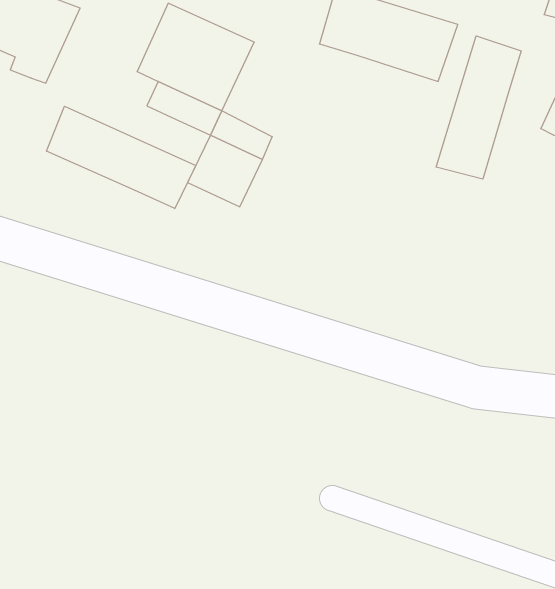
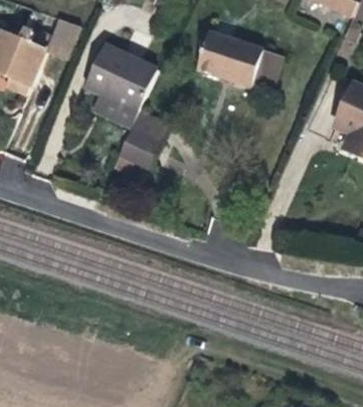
building: [436,36,521,179] -> none
building: [47,106,196,209] -> none

